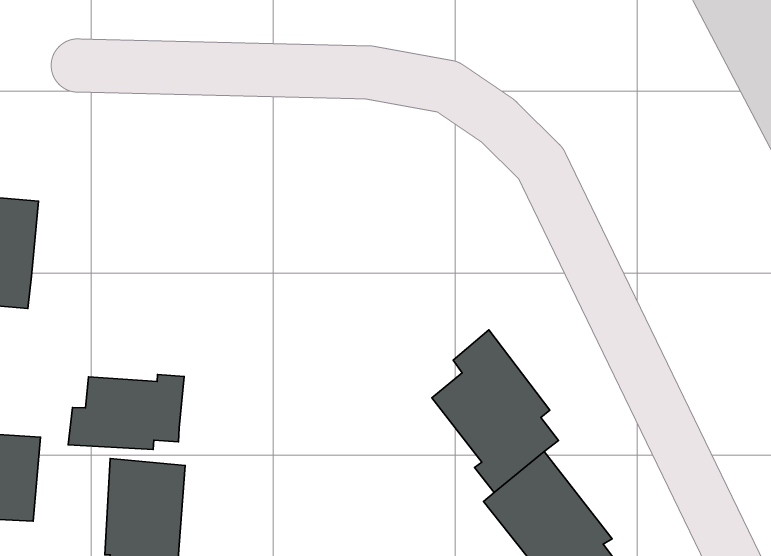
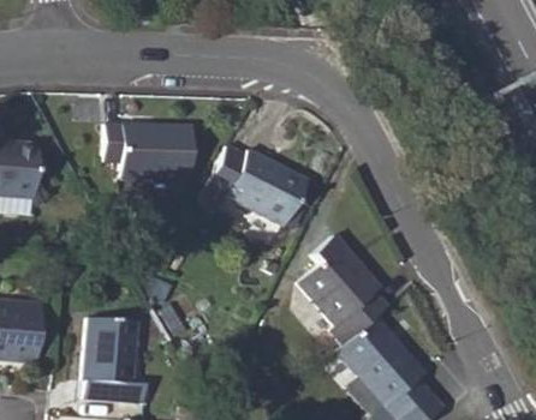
building: none -> [106,125,191,179]
building: none -> [198,146,308,226]
building: [68,374,184,449] -> none

